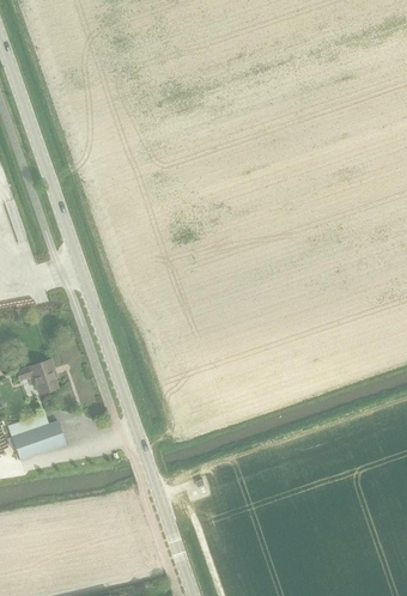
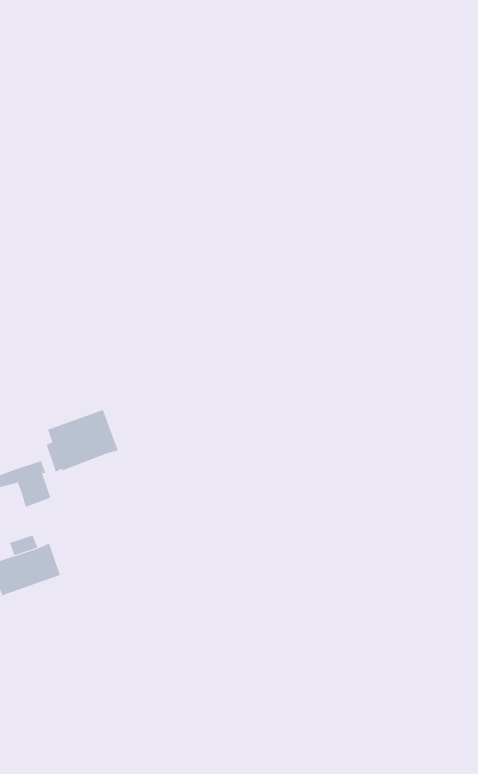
building: none -> [46,409,119,473]

